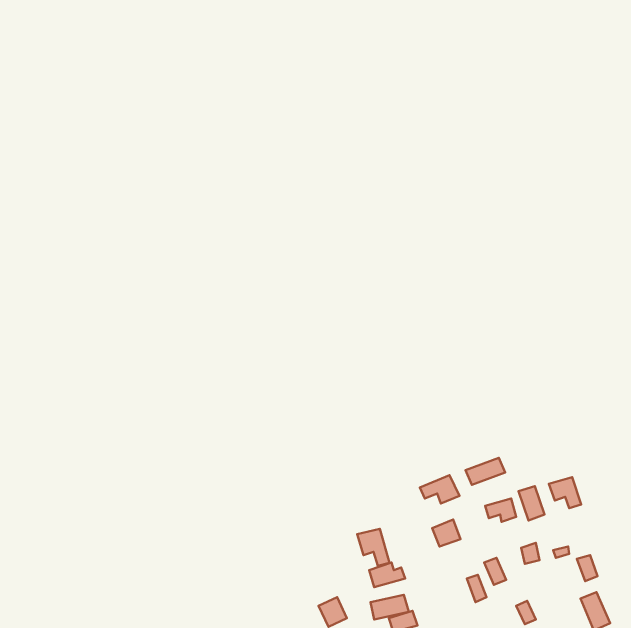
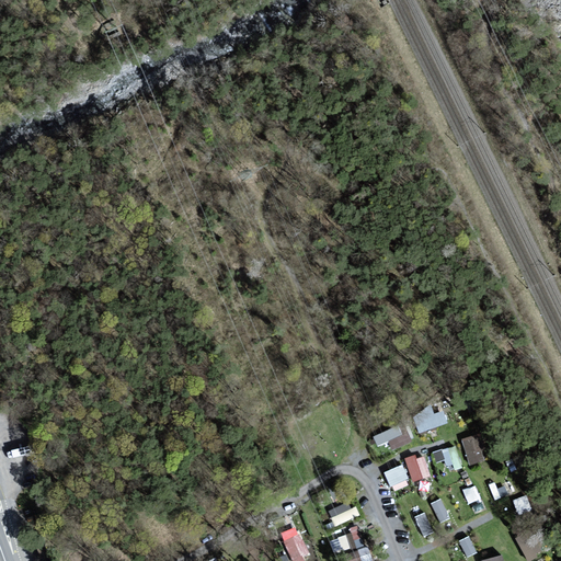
building: [549,477,581,508] -> none
building: none -> [404,454,430,481]
building: [357,529,389,566] -> none

